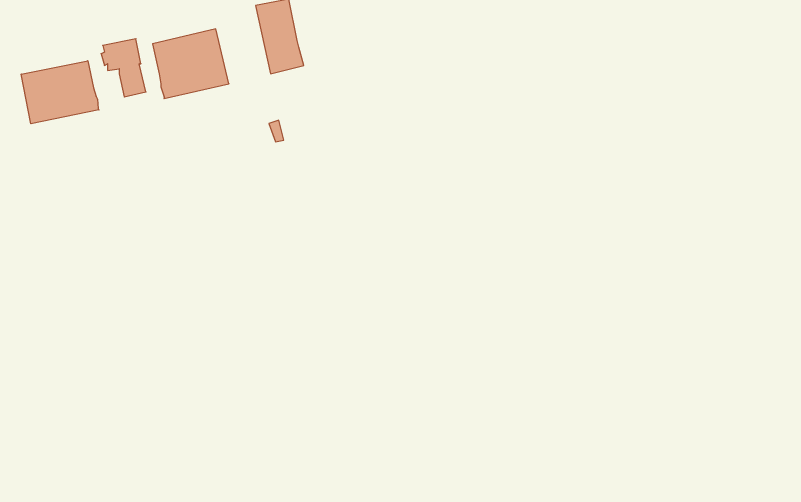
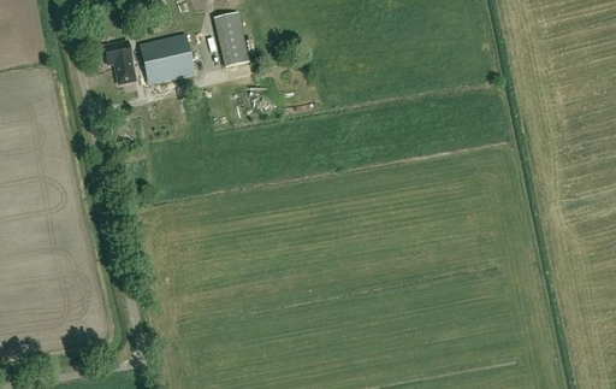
building: [21,61,99,124] -> none

